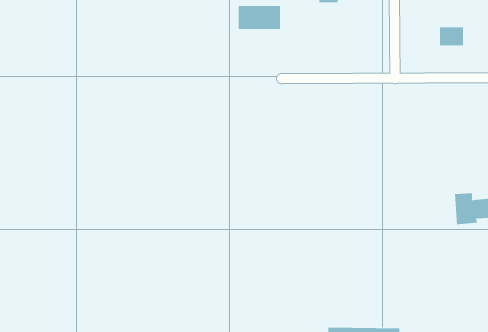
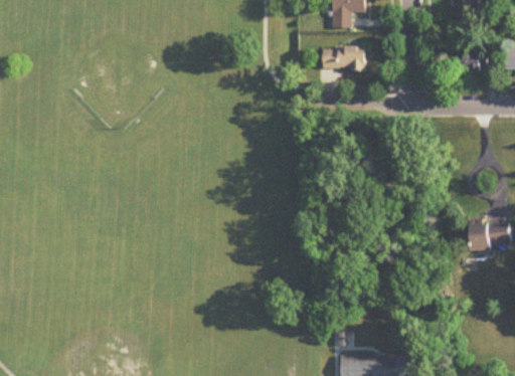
building: [238,5,281,29] -> [320,45,363,69]

